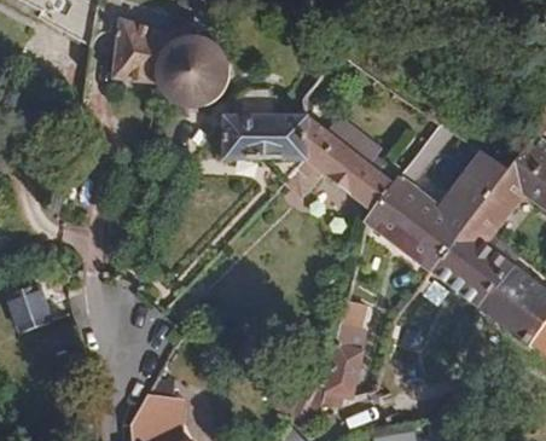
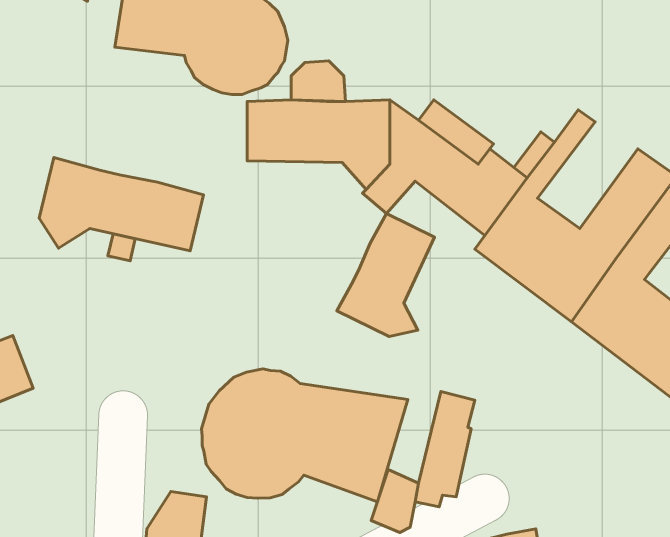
building: none -> [39,157,204,251]
building: none -> [337,213,435,336]
building: none -> [202,369,408,502]

